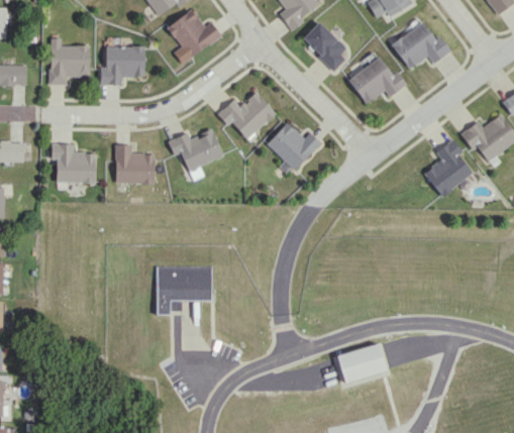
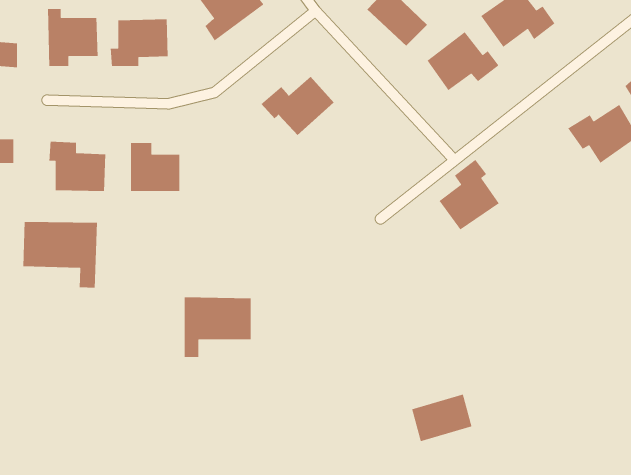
building: [265,122,320,172] -> none
building: [167,128,223,181] -> none
building: [423,139,472,196] -> [439,159,500,230]
building: none -> [22,221,98,289]

